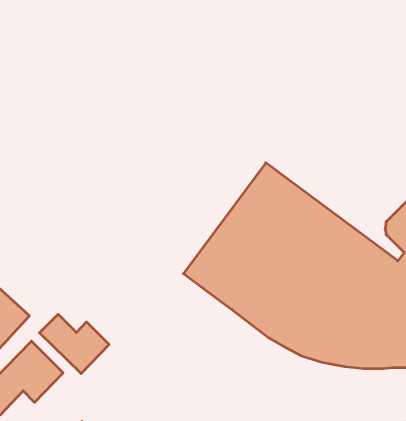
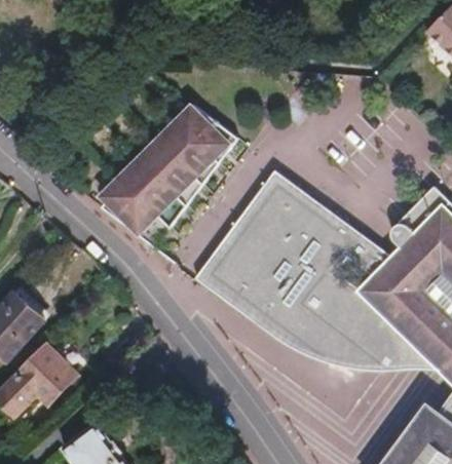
building: none -> [100,102,236,246]
building: [39,314,109,374] -> none

